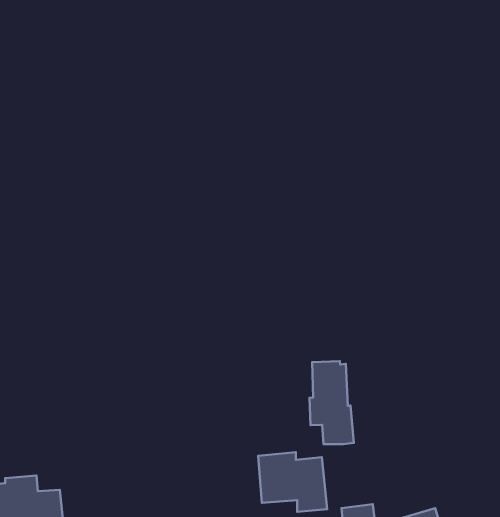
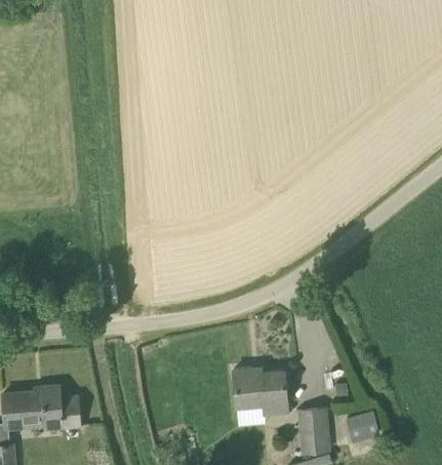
building: [309,361,354,444] -> none

